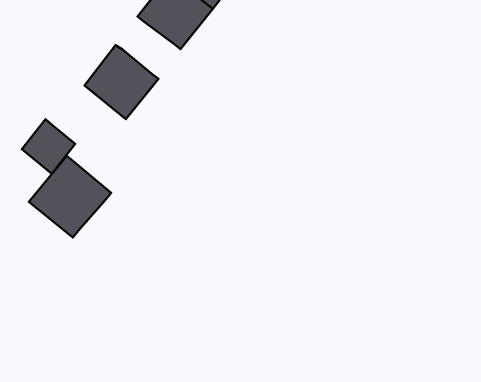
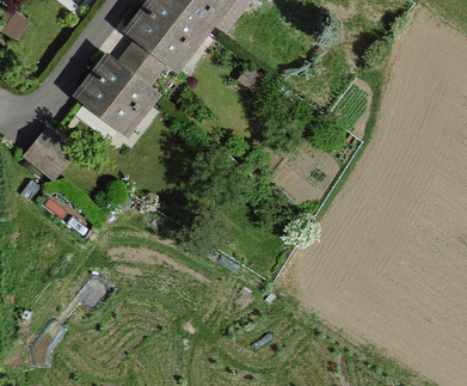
building: none -> [117,39,165,87]
building: [29,156,111,238] -> none

